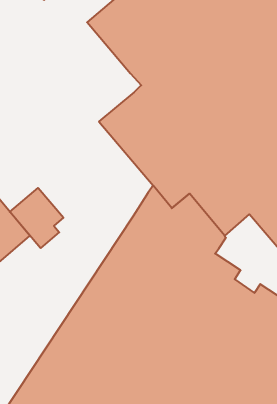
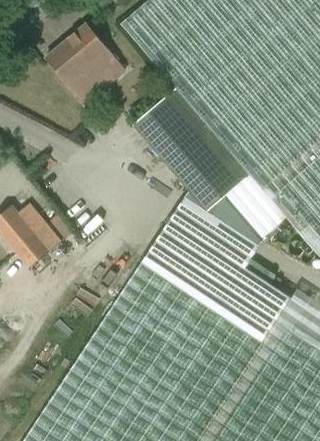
building: none -> [46,25,124,95]
building: [10,188,63,248] -> none

